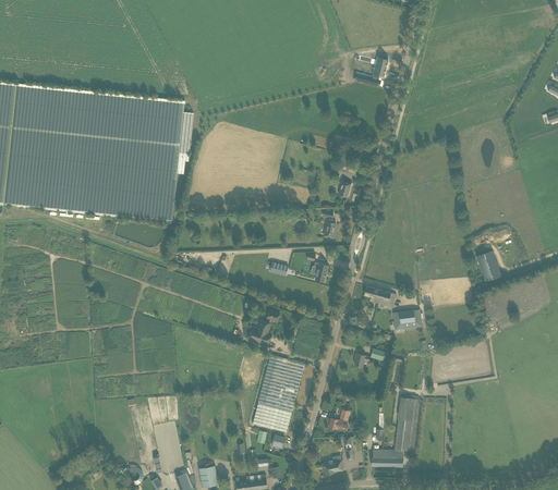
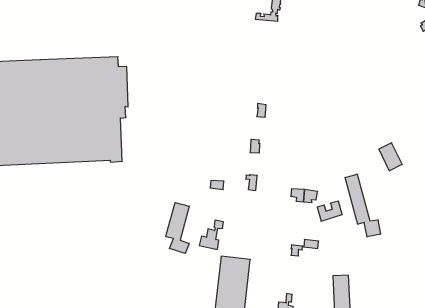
building: none -> [345,174,381,237]
building: none -> [166,203,189,253]

